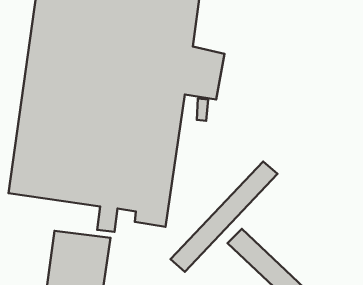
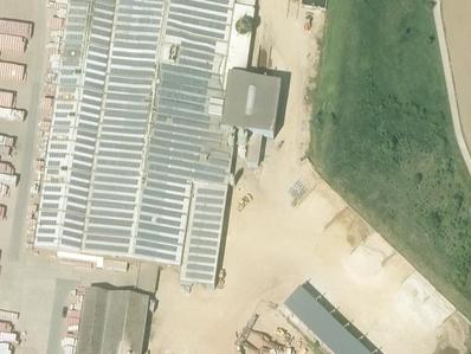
building: [171,161,278,272] -> none

